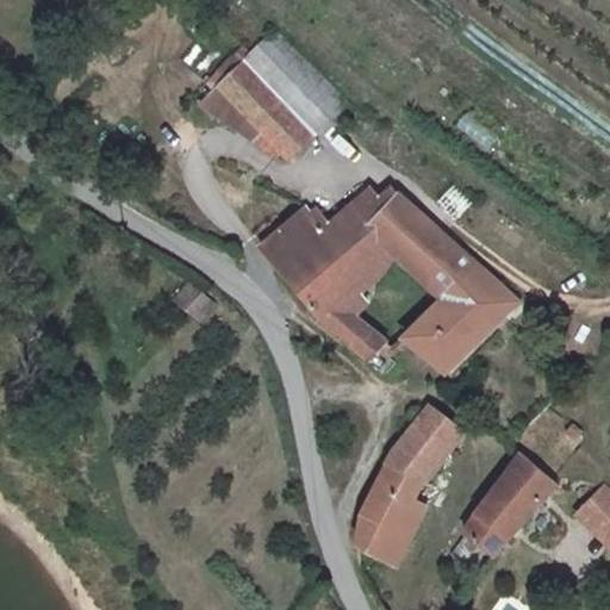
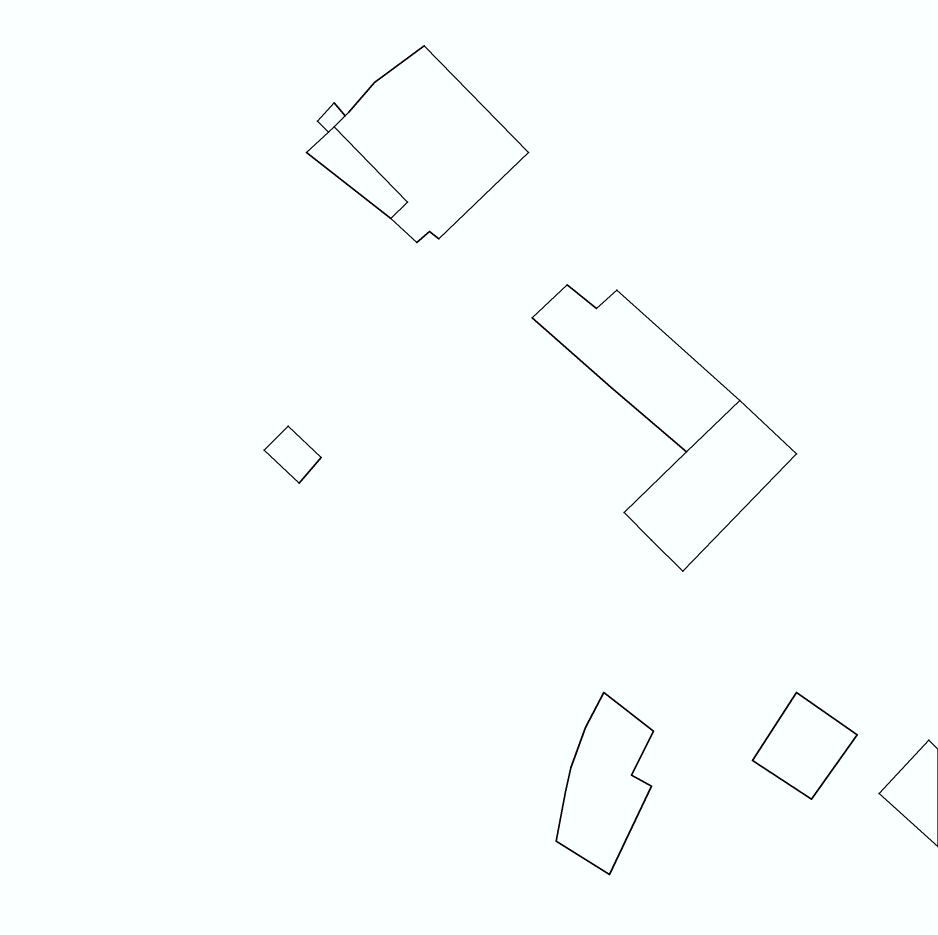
building: [259,207,397,359] -> none
building: [392,403,460,477] -> none
building: [462,496,527,560] -> none

